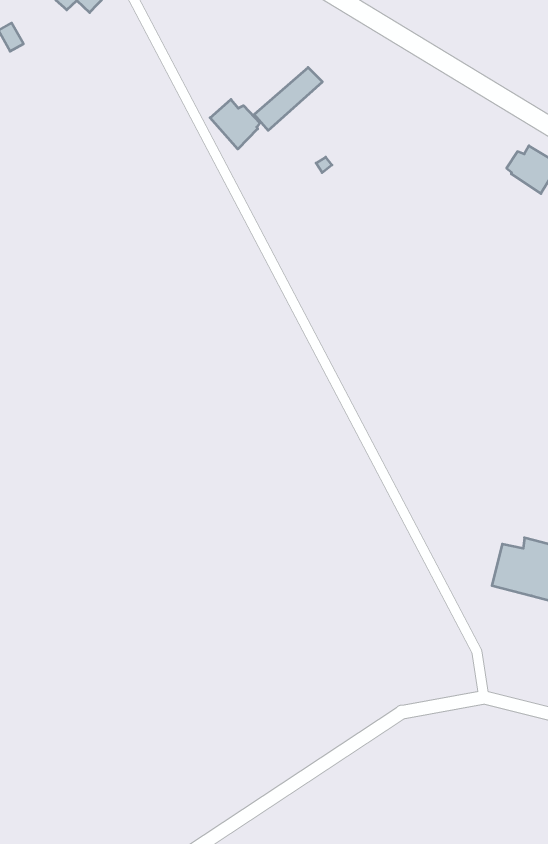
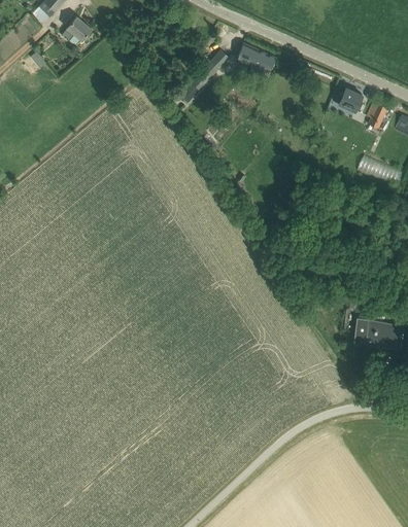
building: none -> [234,43,273,73]
building: [210,99,260,149] -> none

